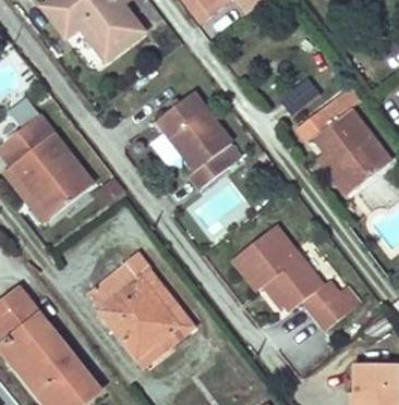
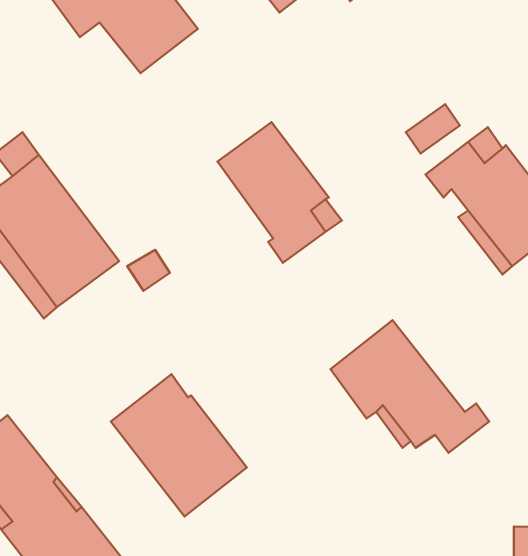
building: [126,253,195,366] -> none
building: [311,287,358,330] -> none

